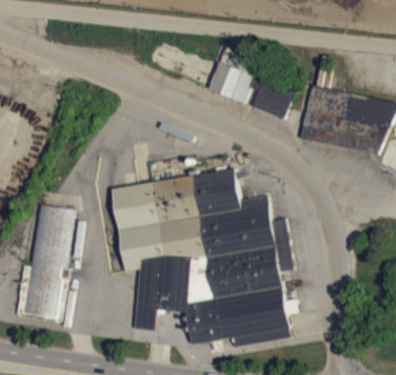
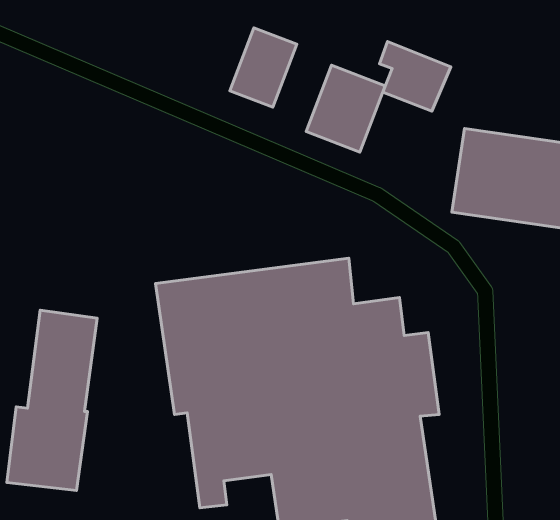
building: none -> [230,28,297,107]
building: [249,74,295,118] -> [380,42,451,111]

